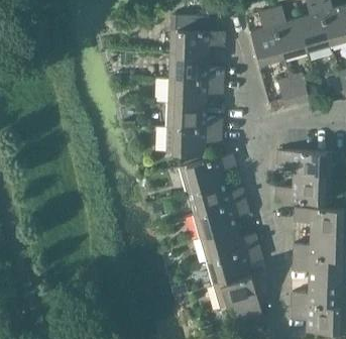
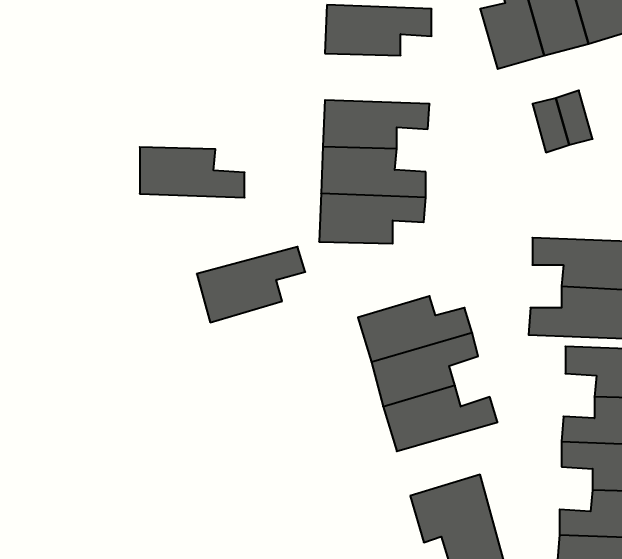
building: [169,54,224,81] -> [140,147,245,198]
building: [180,152,236,192] -> [197,247,305,322]
building: [207,246,263,285] -> none

